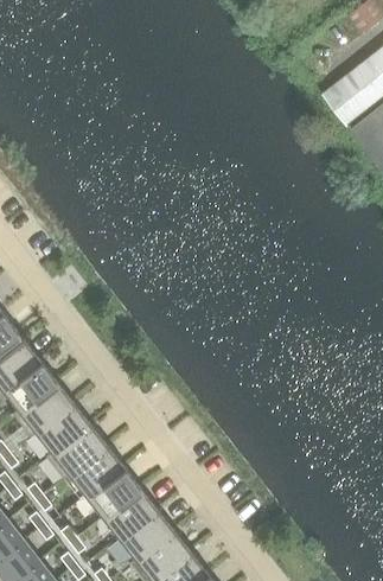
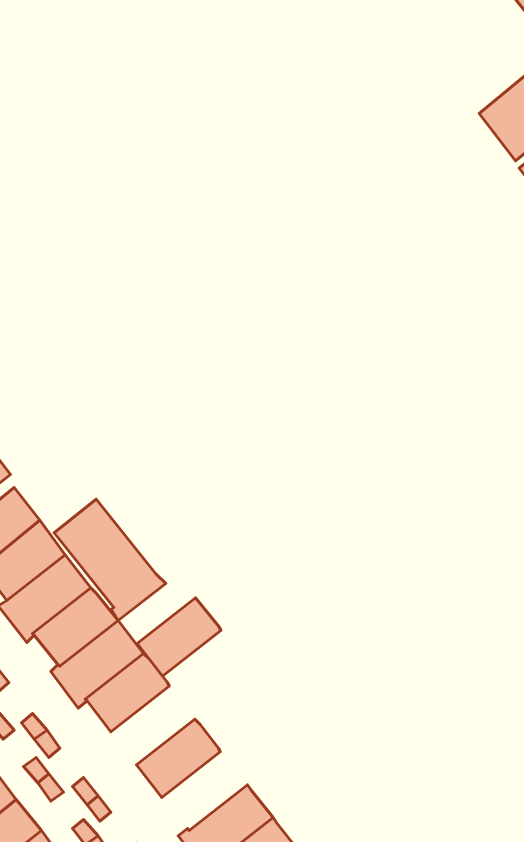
building: none -> [54,499,166,621]
building: [84,466,139,517] -> [137,598,221,676]
building: [117,509,173,560] -> none

